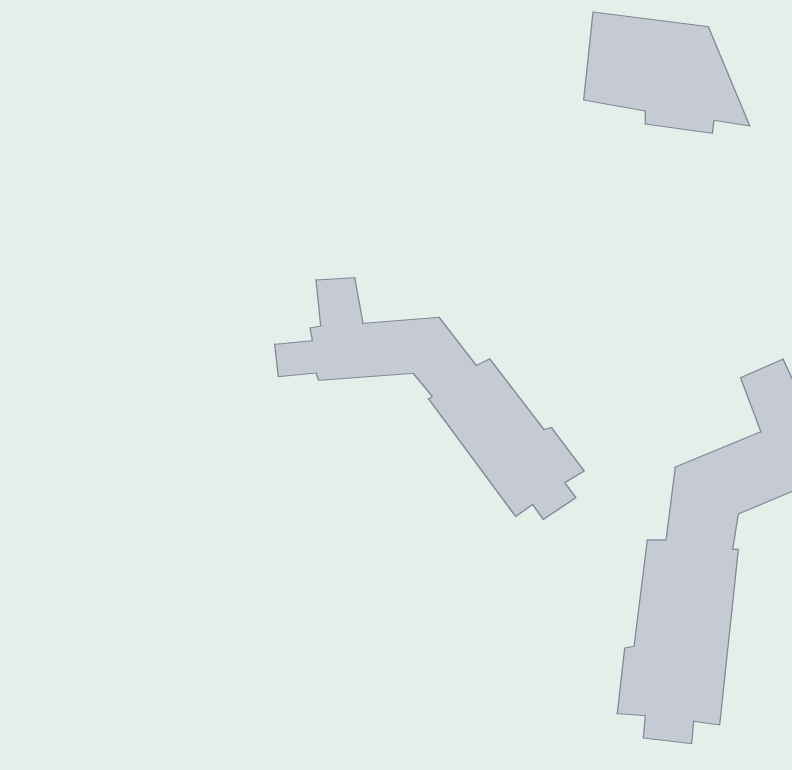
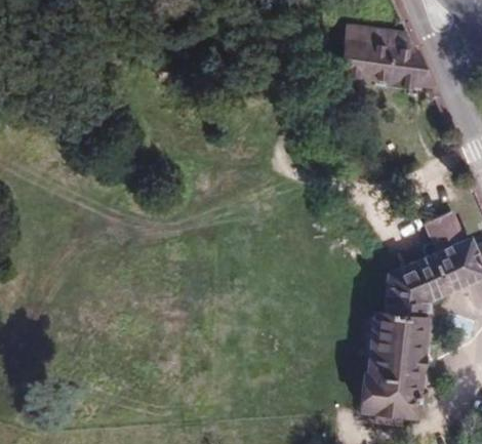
building: [275,277,584,520] -> none

